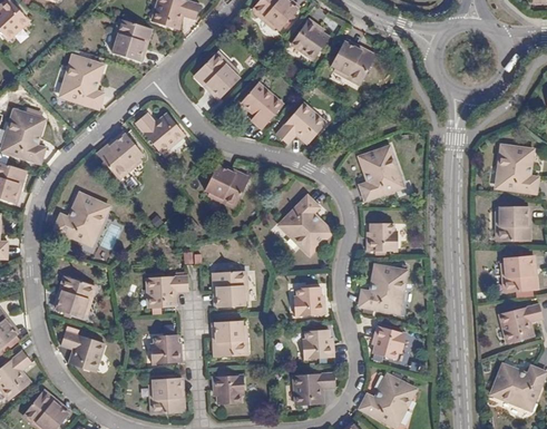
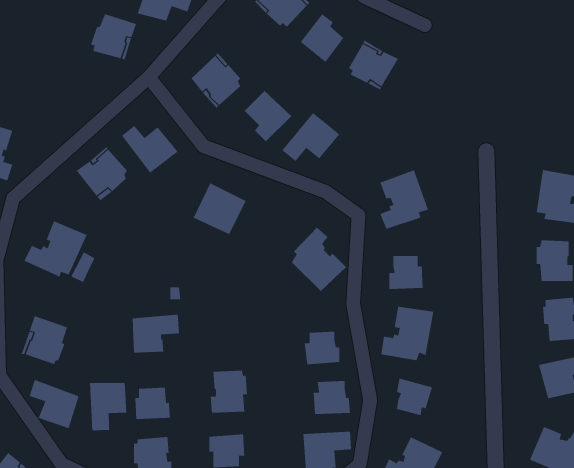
building: [64,52,102,103] -> none
building: [213,271,247,308] -> none
building: none -> [89,382,127,431]

